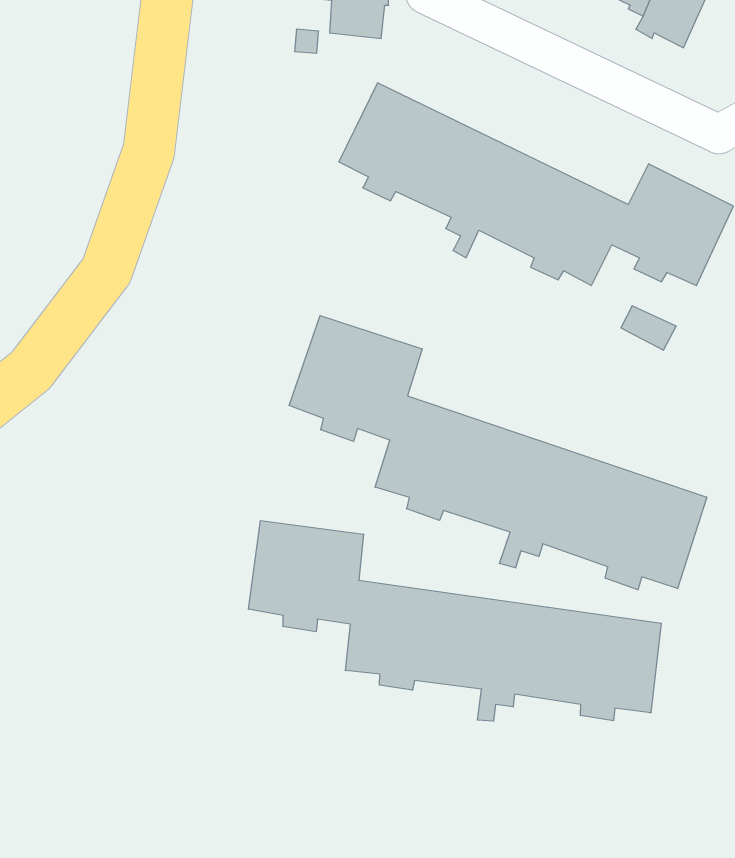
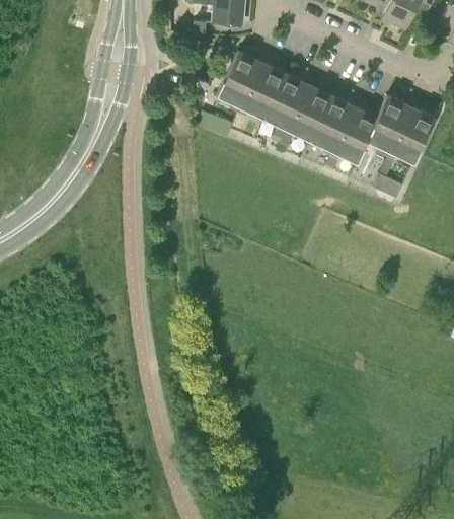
building: [289,315,707,590] -> none
building: [249,521,661,721] -> none

